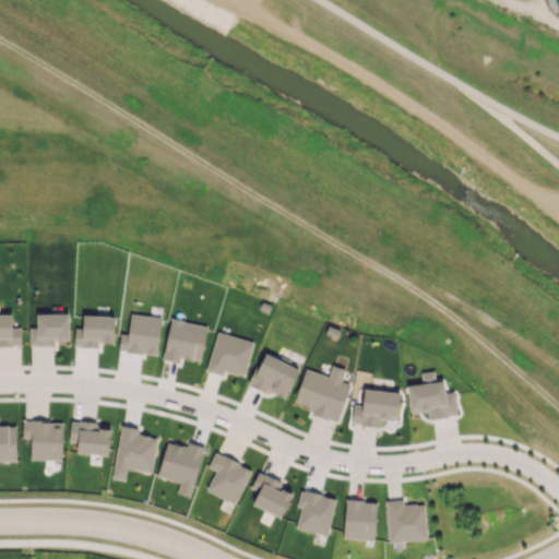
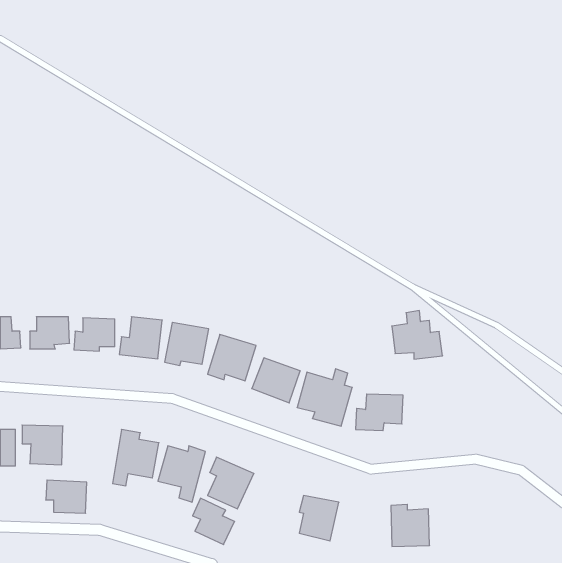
building: [408,371,459,419] -> [392,311,443,359]
building: [71,423,111,455] -> [46,480,87,513]
building: [252,472,294,518] -> [193,498,235,545]
building: [345,501,378,539] -> none

